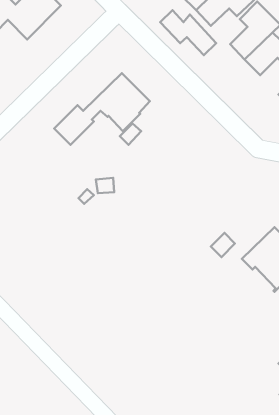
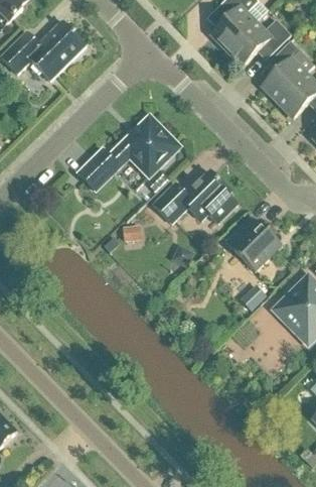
building: [160,10,216,55] -> none
building: none -> [153,170,236,223]
building: none -> [224,214,278,270]

